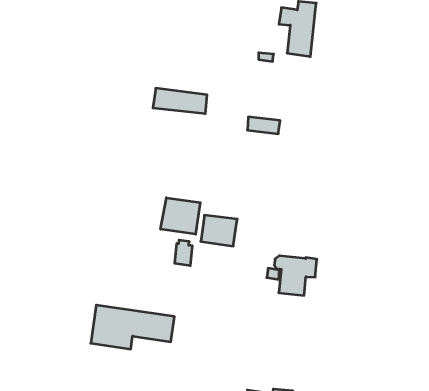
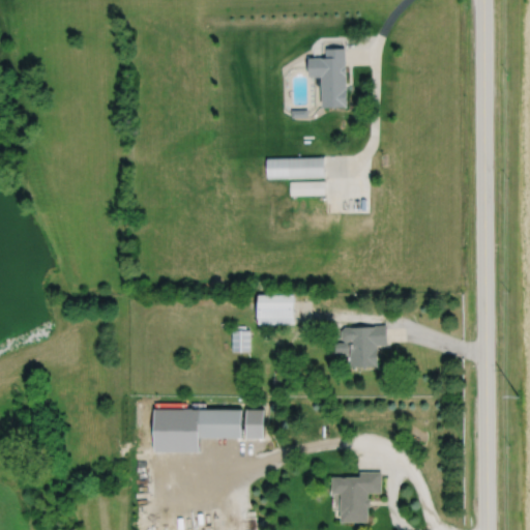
building: [153,88,207,114] -> [266,156,324,179]
building: [161,198,200,234] -> none
building: none -> [244,410,262,438]

